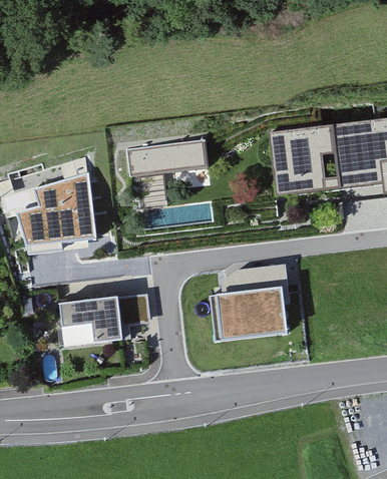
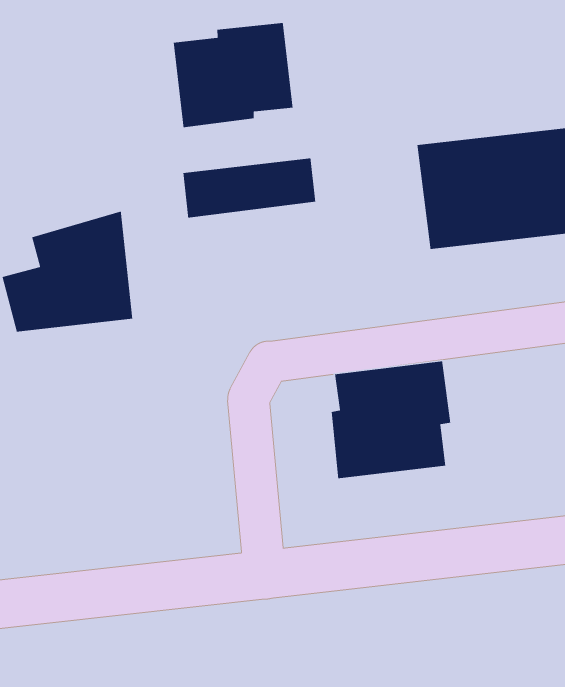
building: none -> [173,22,293,128]
building: [61,298,147,345] -> none

